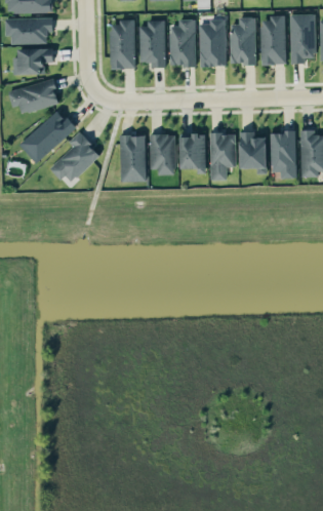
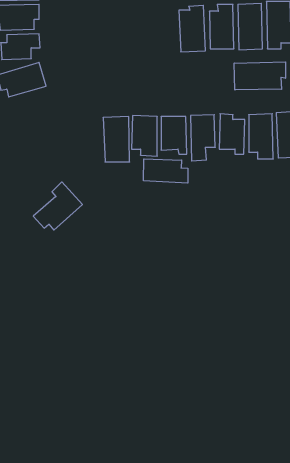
building: [169,18,195,66] -> none
building: [109,21,135,69] -> none
building: [138,21,165,67] -> none
building: none -> [234,62,285,90]
building: [22,111,74,161] -> none
building: [49,131,100,182] -> [33,182,82,230]
building: none -> [144,159,188,183]

